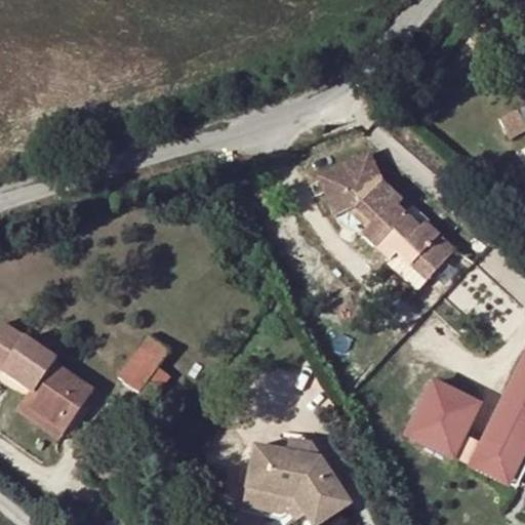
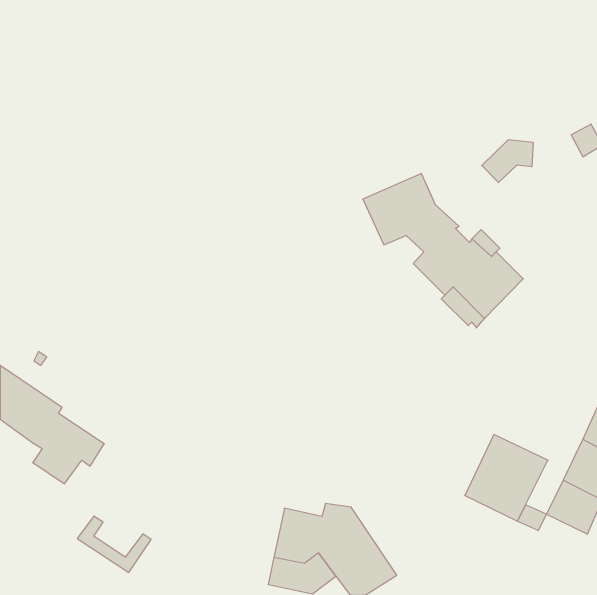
building: none -> [482,140,533,183]
building: [120,335,170,389] -> none
building: [15,388,80,437] -> [77,516,151,572]

